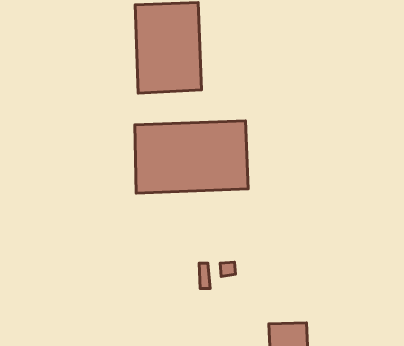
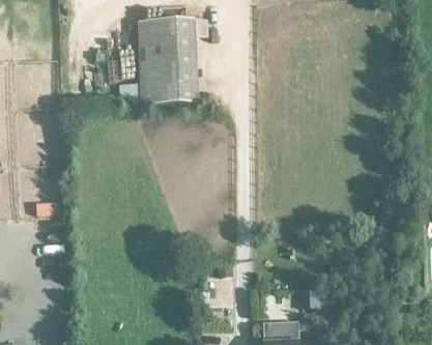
building: [135,121,248,193] -> none

